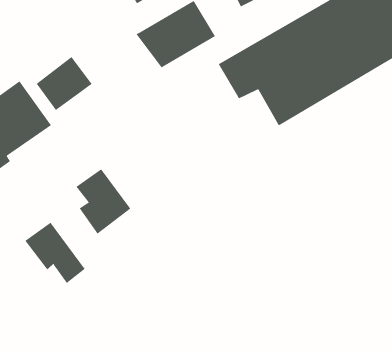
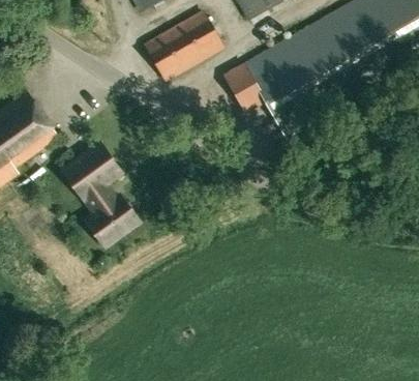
building: [36,56,93,111] -> [61,143,118,198]
building: [25,222,85,284] -> none

